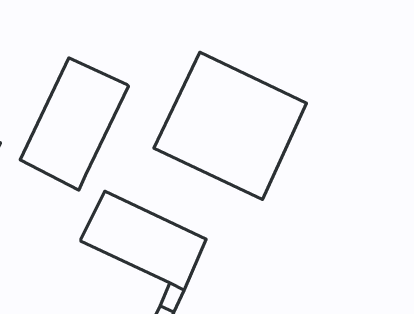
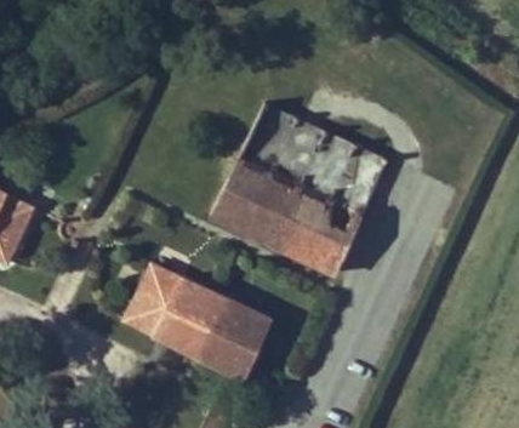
building: [20,58,128,190] -> none

